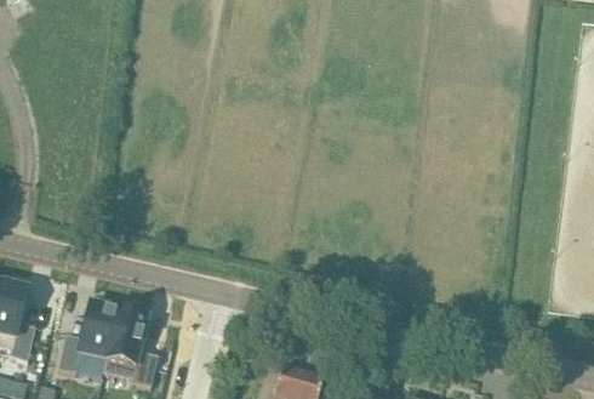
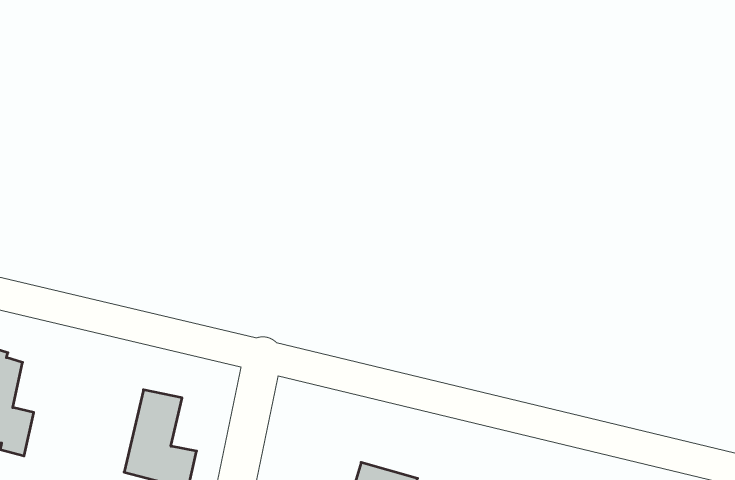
building: [58,301,118,370] -> none

